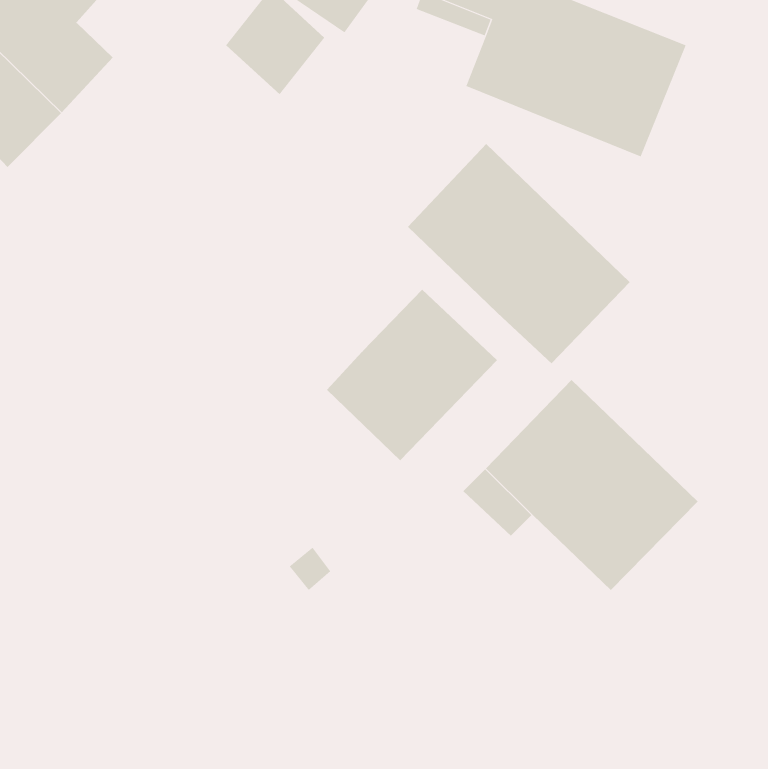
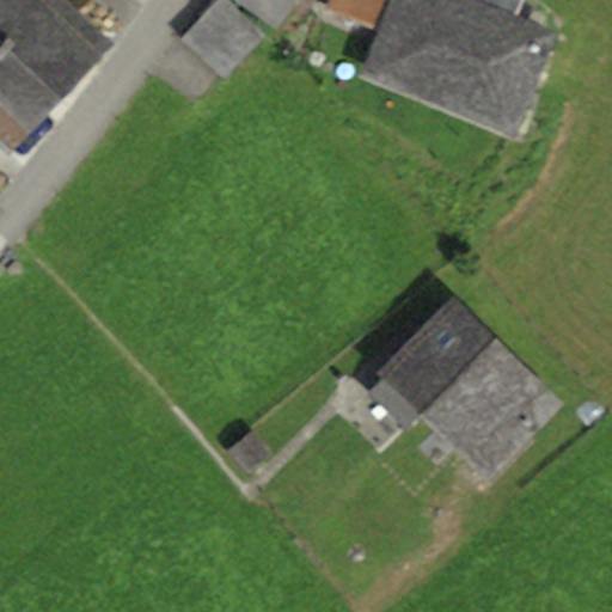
building: [407,143,630,364] -> none
building: [326,289,498,461] -> none

